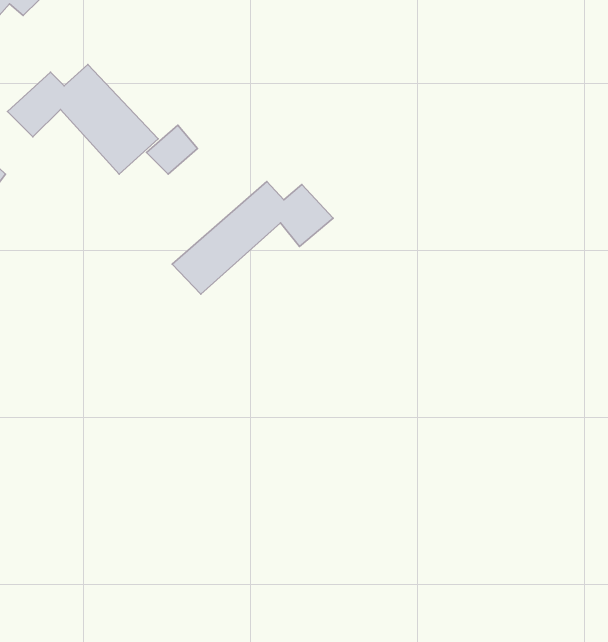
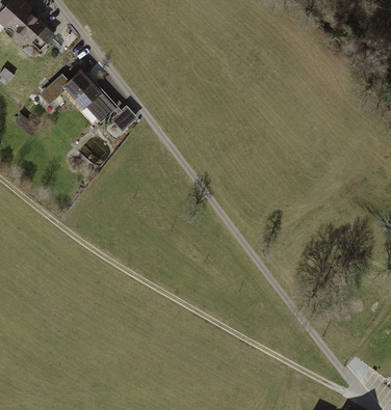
building: [172,181,333,294] -> none

